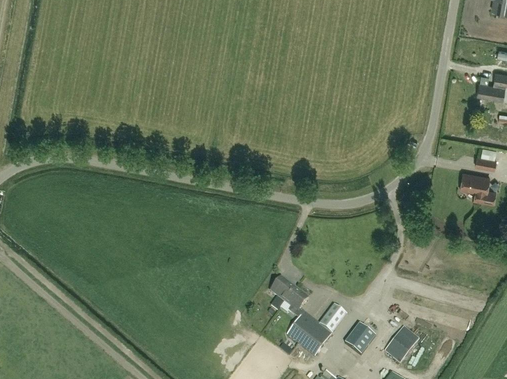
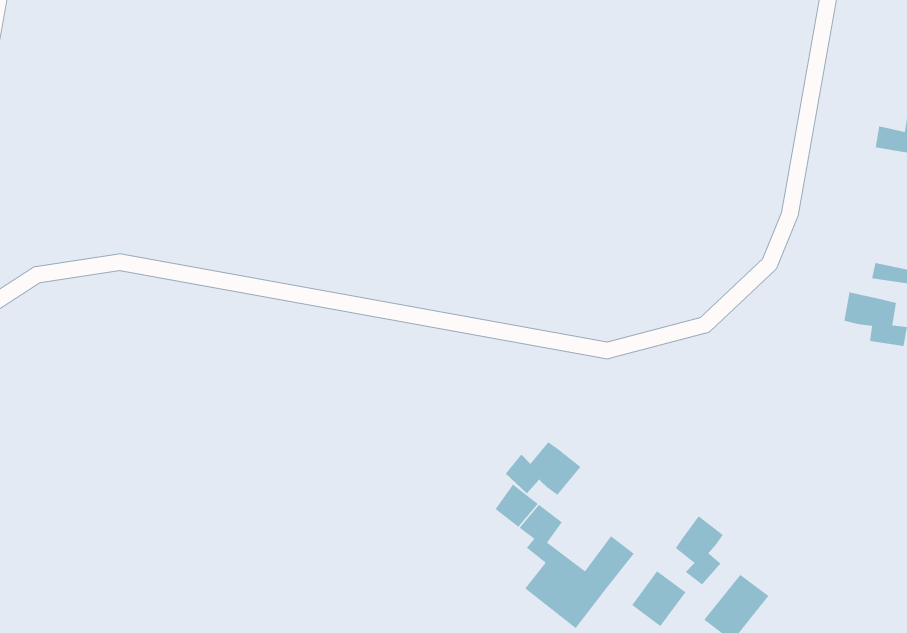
building: none -> [505,441,581,496]
building: none -> [675,515,724,586]

